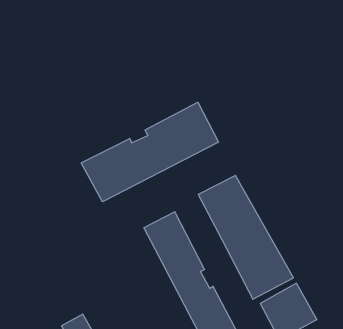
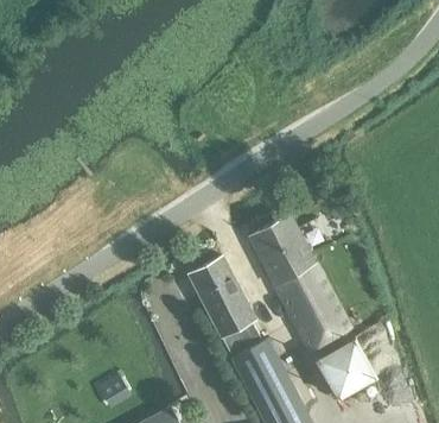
building: [81,102,219,202] -> none

